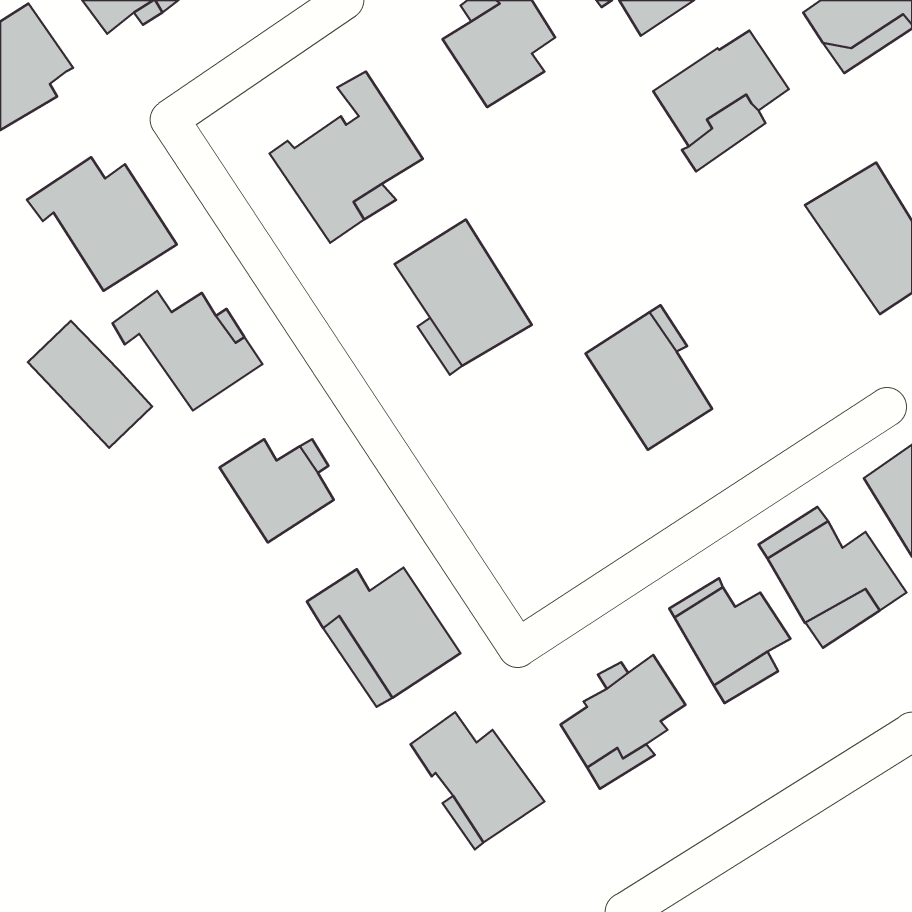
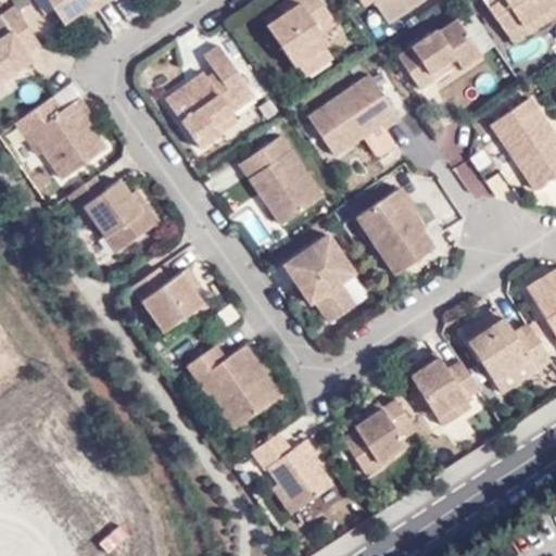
building: none -> [309,75,403,155]
building: [28,321,152,448] -> none
building: none -> [282,235,355,320]

